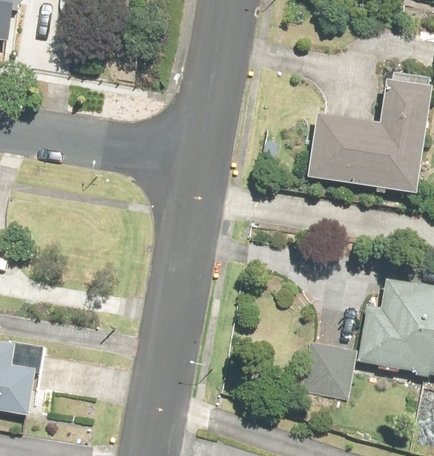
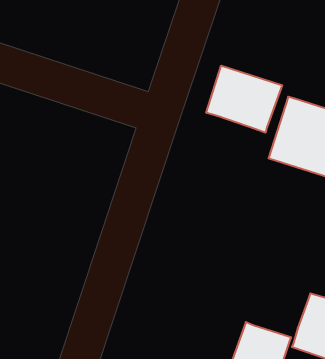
building: none -> [206,66,282,133]

